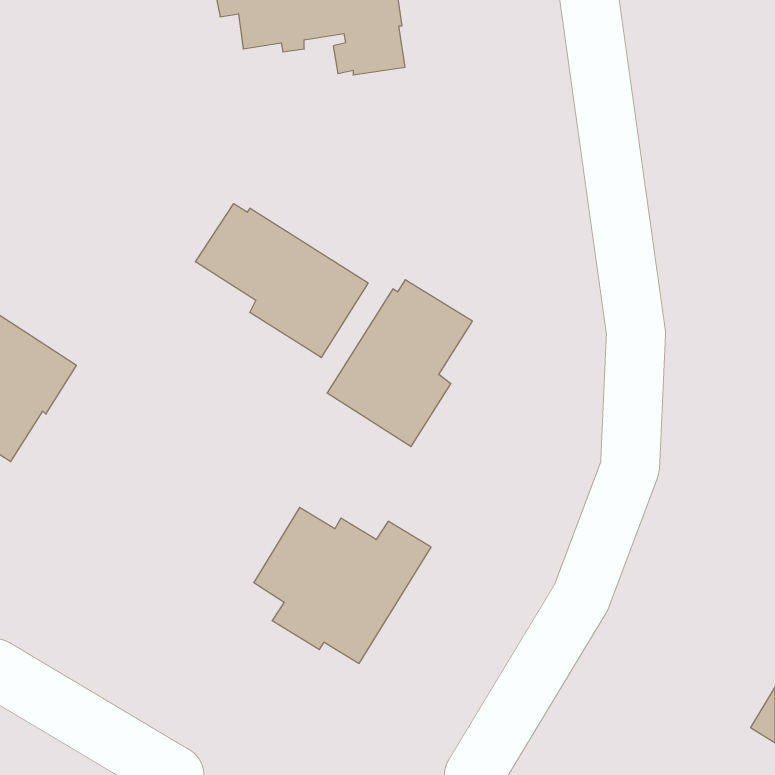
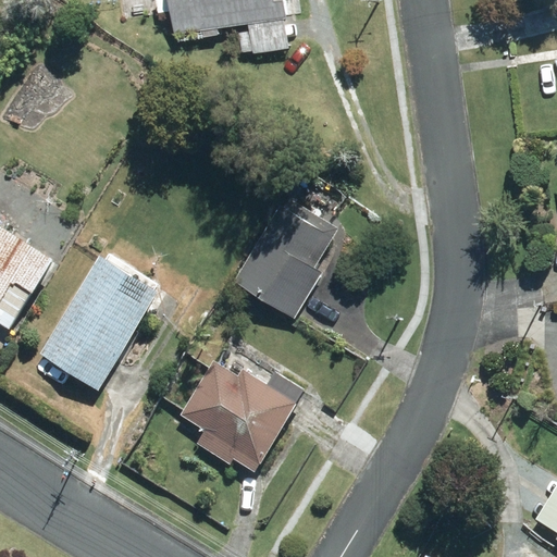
building: [195,204,368,358] -> none
building: none -> [39,253,159,389]

